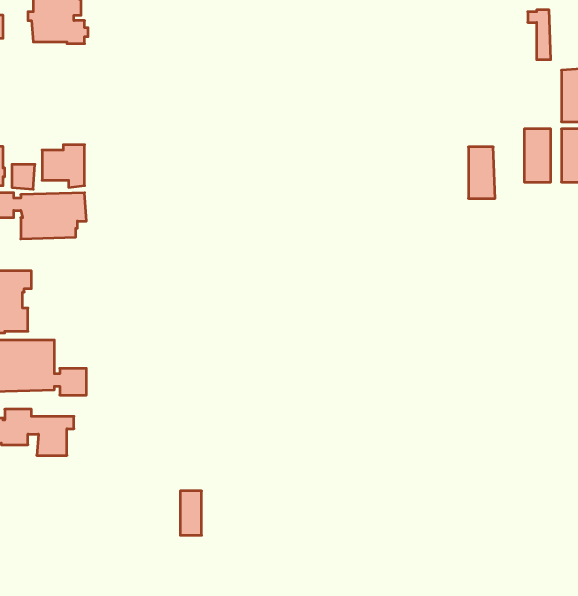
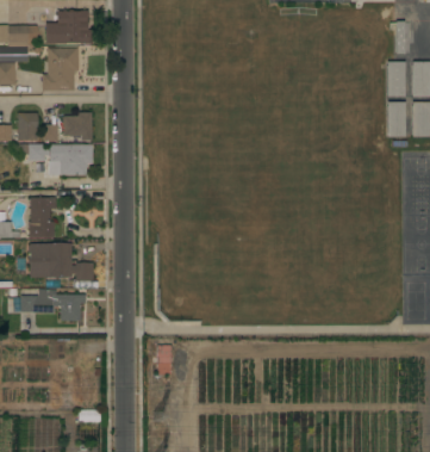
building: none -> [43,48,80,91]
building: [468,147,495,198] -> [388,62,406,97]

